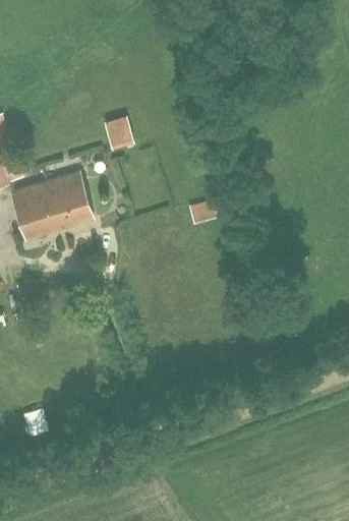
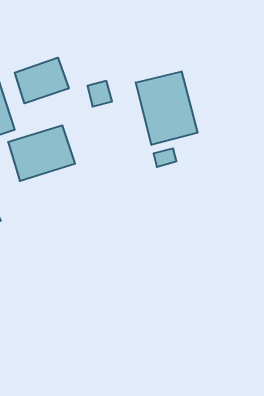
building: none -> [15,58,69,103]
building: none -> [136,71,198,145]

